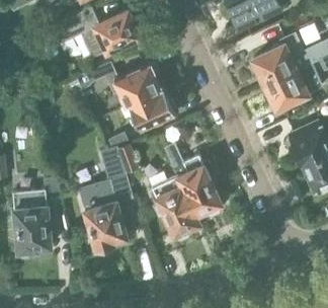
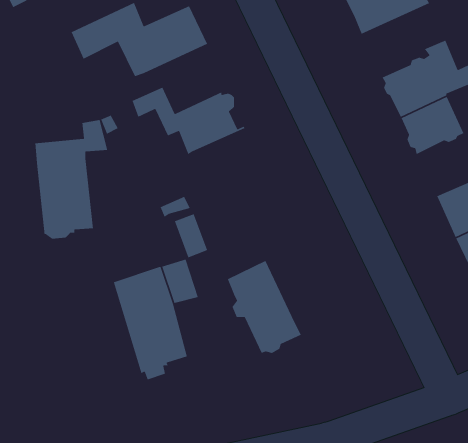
building: [130,90,175,131] -> none
building: [165,144,222,216] -> none
building: [13,178,61,256] -> [35,119,108,240]

